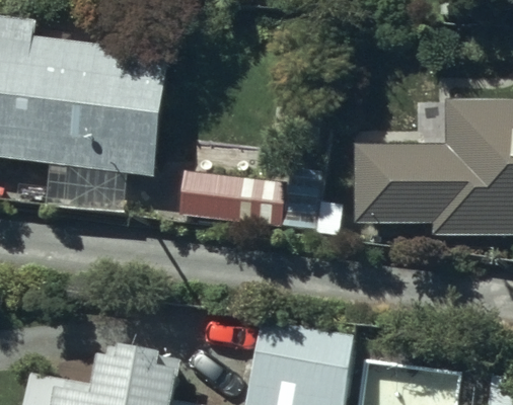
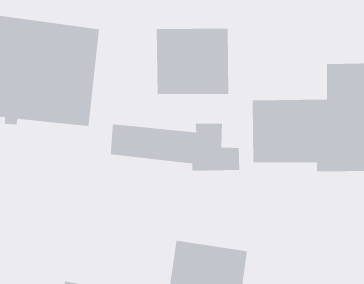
building: none -> [156,28,229,95]

